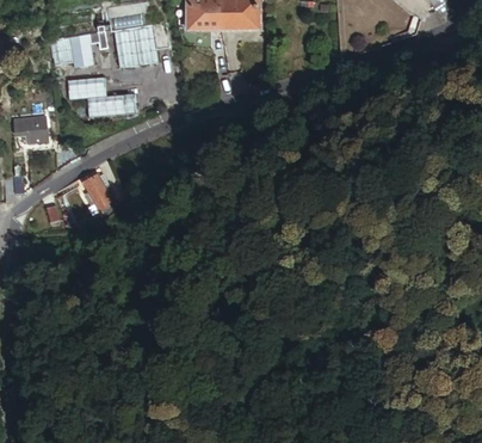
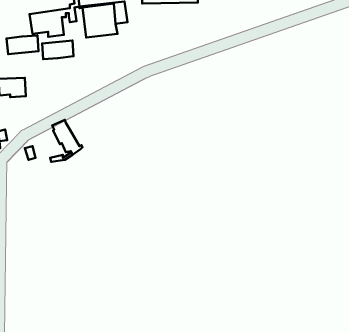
building: [86,92,125,115] -> [6,35,39,54]

